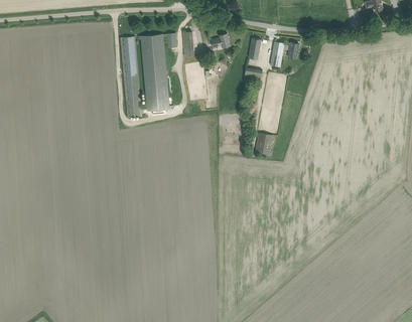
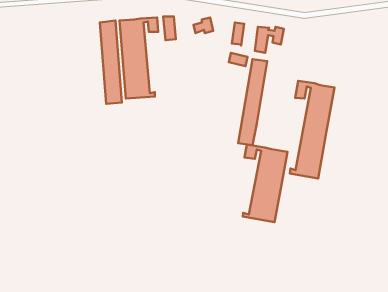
building: none -> [290,81,334,178]
building: none -> [243,144,287,222]

